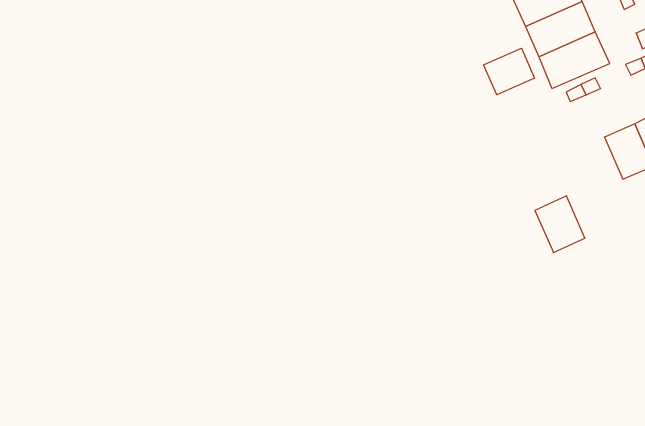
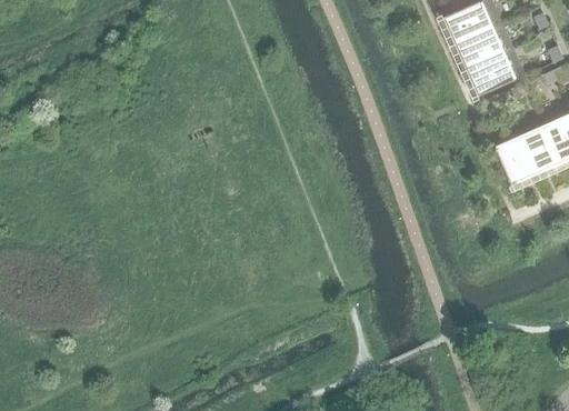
building: [483,48,535,95] -> none
building: [535,196,585,253] -> [490,138,532,186]

